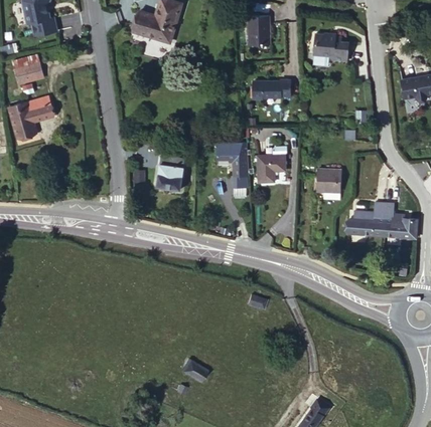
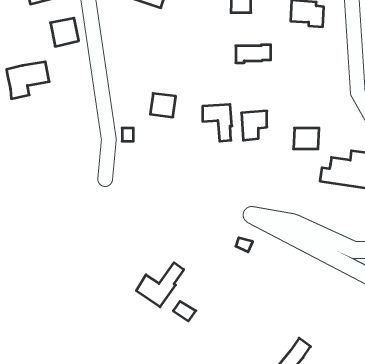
building: [12,56,42,86] -> [50,18,79,46]
building: [156,166,183,191] -> [150,93,176,117]
building: none -> [136,263,184,307]

